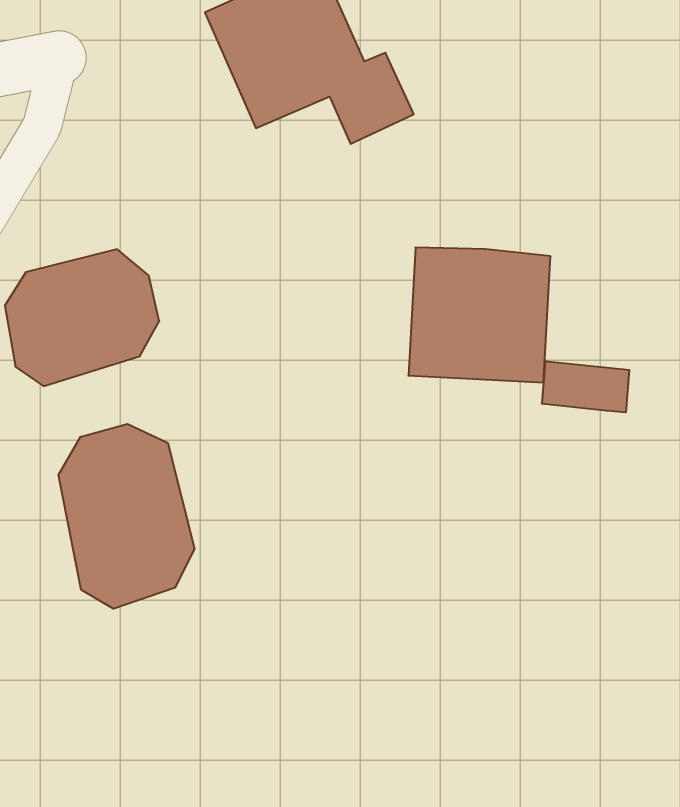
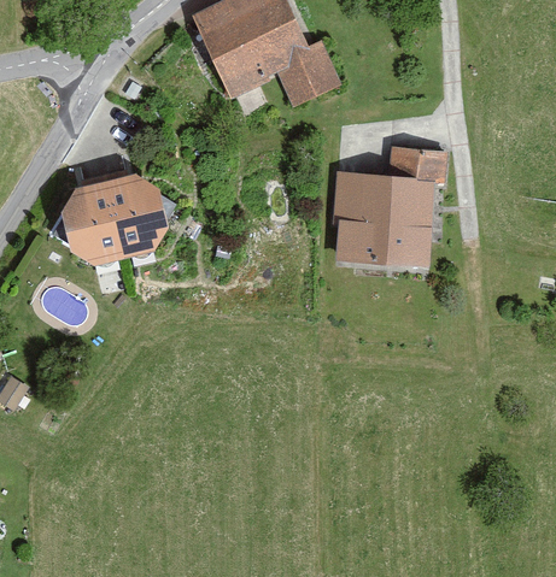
building: [542,361,630,412] -> [388,146,449,181]
building: [58,424,194,609] -> none

